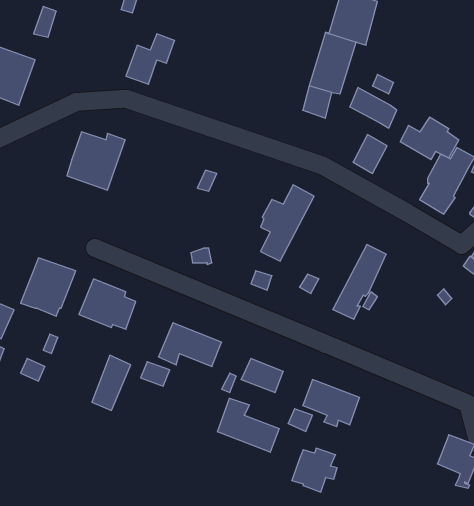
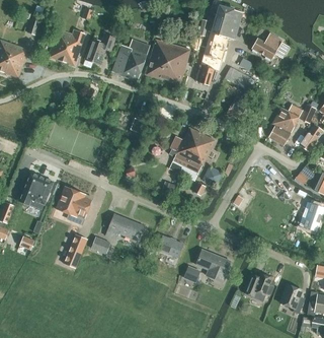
building: none -> [111,39,150,81]
building: none -> [146,40,189,84]
building: [400,117,459,160] -> [252,32,289,59]
building: [67,132,125,190] -> [49,28,85,65]
building: [333,245,386,319] -> [181,134,215,181]
building: [218,398,279,452] -> none
building: [292,448,337,492] -> [245,273,273,300]

